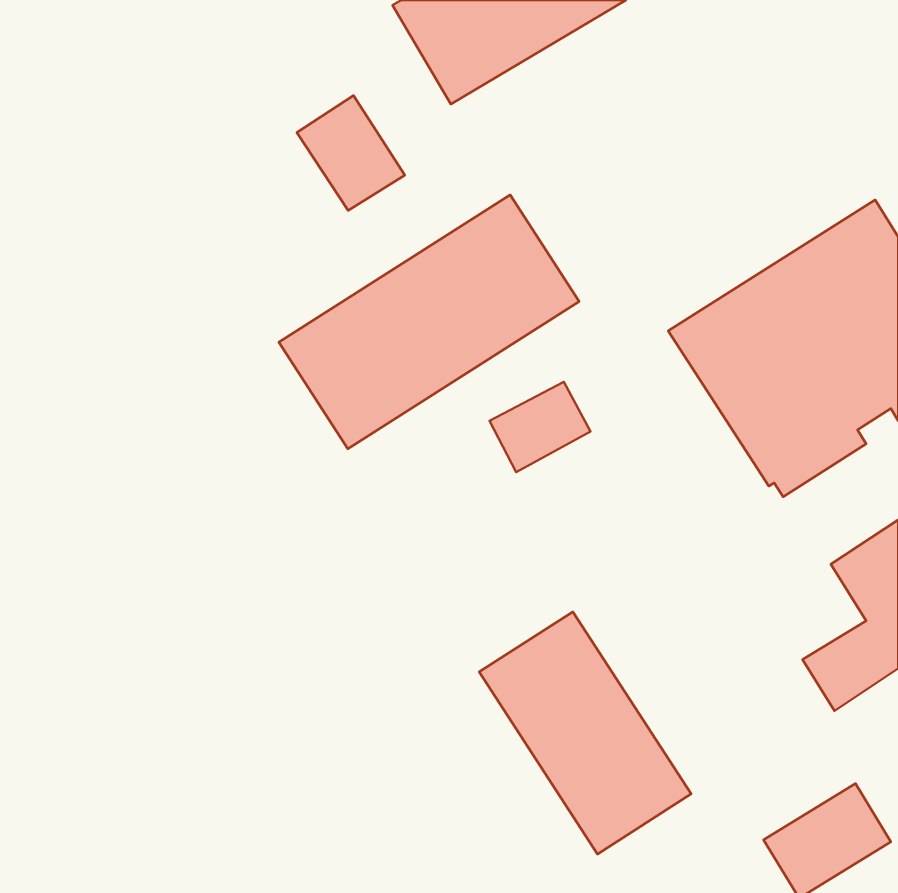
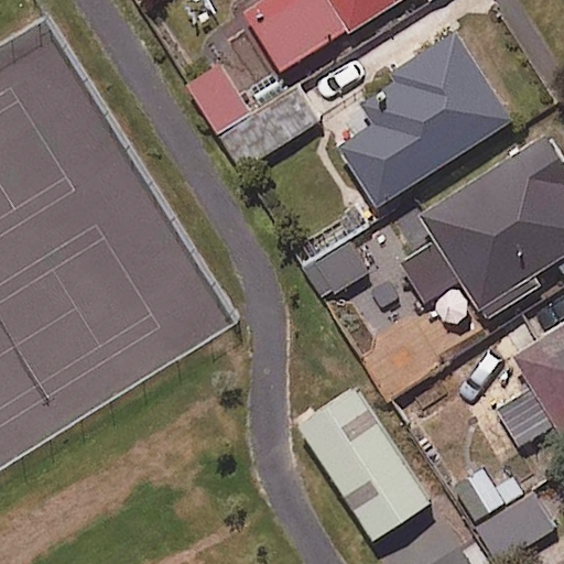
building: none -> [337,29,512,206]
building: [279,195,579,449] -> none

